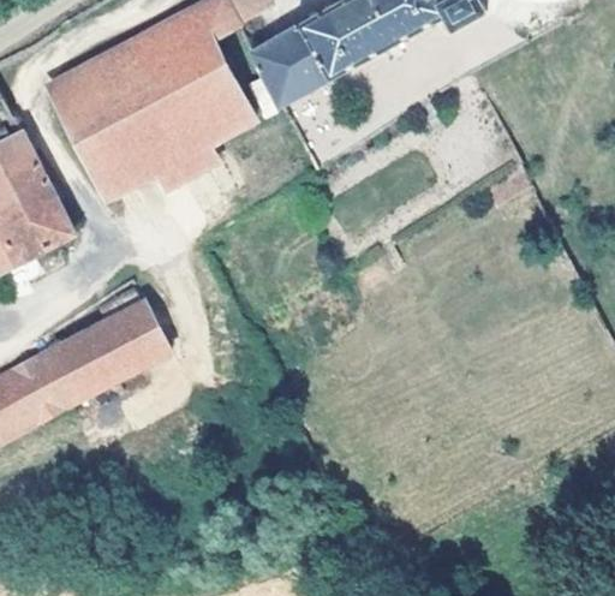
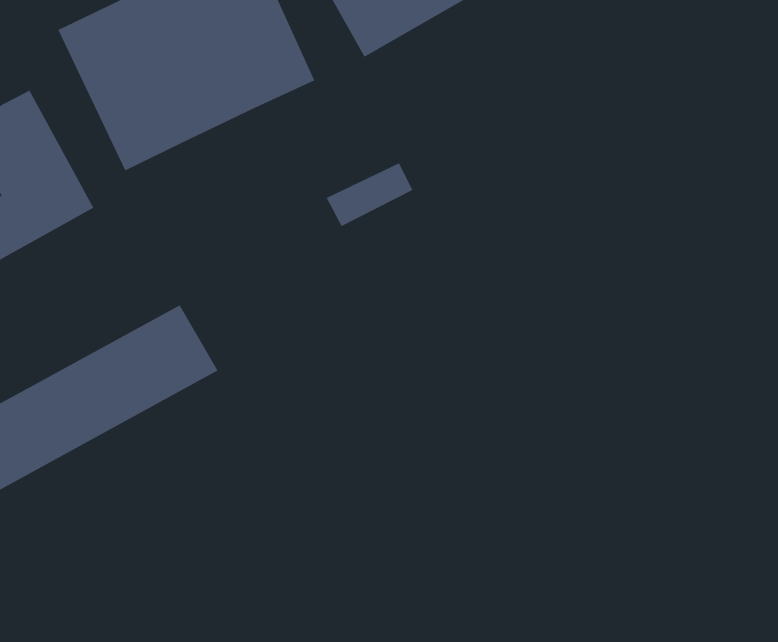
building: [143,144,211,195] -> [326,162,413,227]

